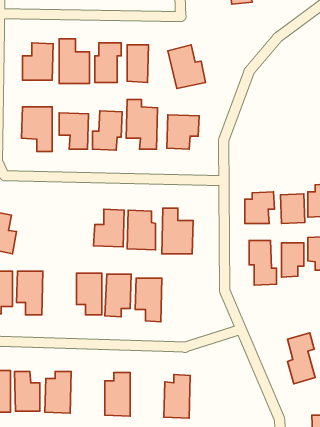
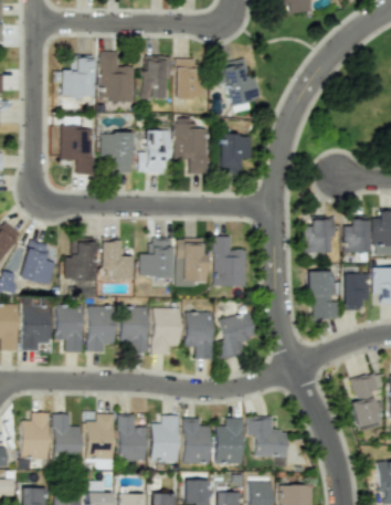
building: none -> [64,239,96,281]
building: none -> [101,240,133,280]
building: none -> [87,306,115,353]
building: none -> [218,313,256,359]
building: none -> [118,414,147,462]
building: none -> [247,417,288,457]
building: none -> [182,419,211,464]

